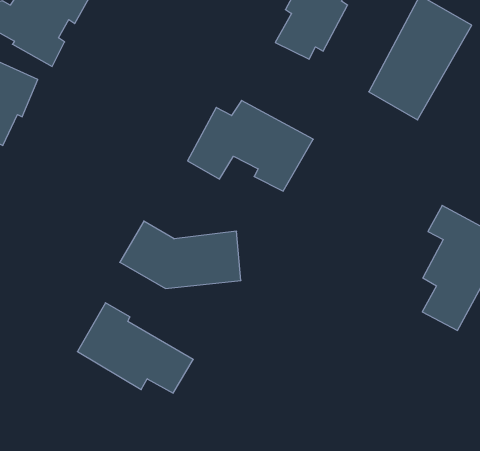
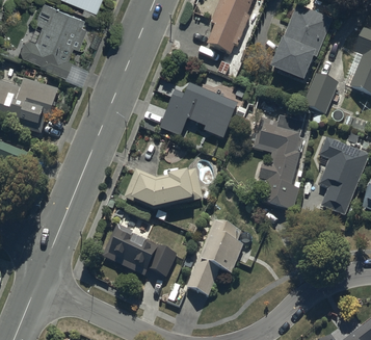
building: none -> [302,74,338,114]
building: none -> [253,116,303,212]
building: none -> [186,219,243,296]

